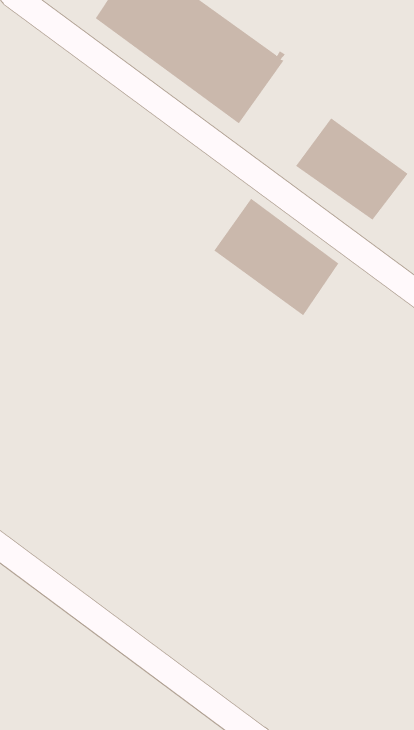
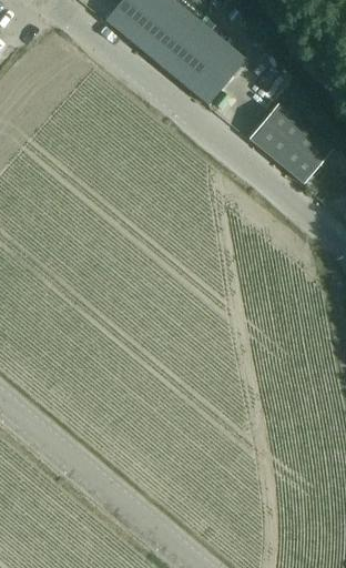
building: [213,198,339,316] -> none

